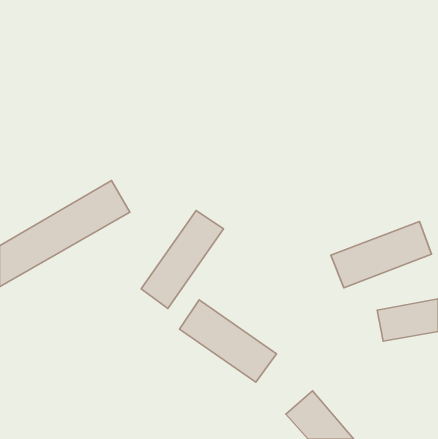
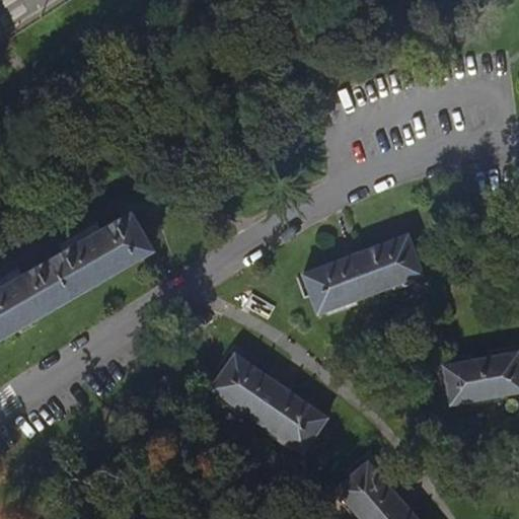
building: [141,211,224,309] -> none
building: [331,222,431,288] -> [303,234,422,312]

